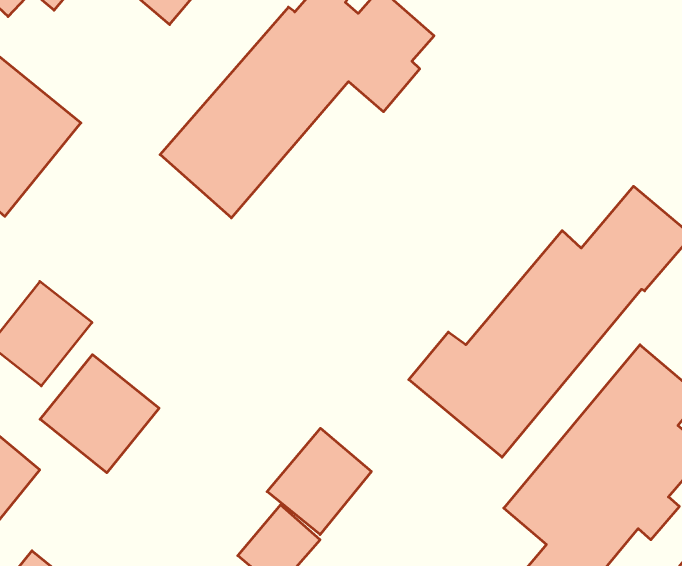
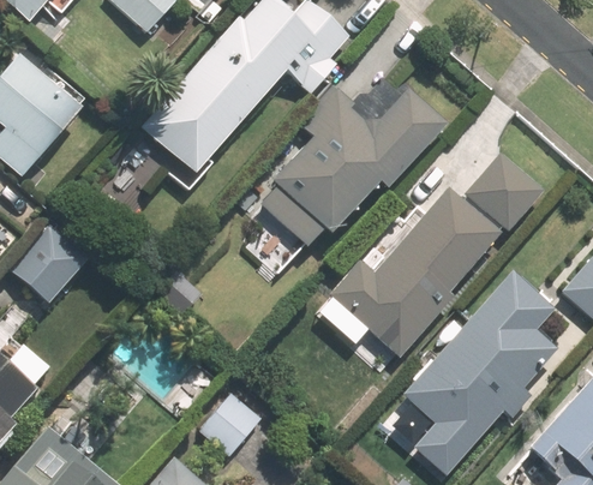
building: none -> [259,83,445,245]
building: [40,355,159,473] -> none
building: [267,428,371,535] -> none

